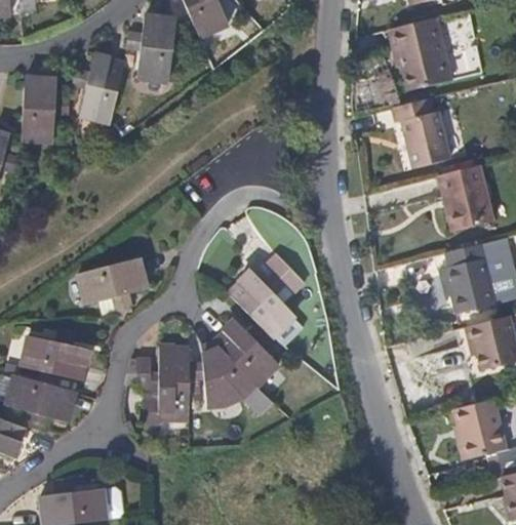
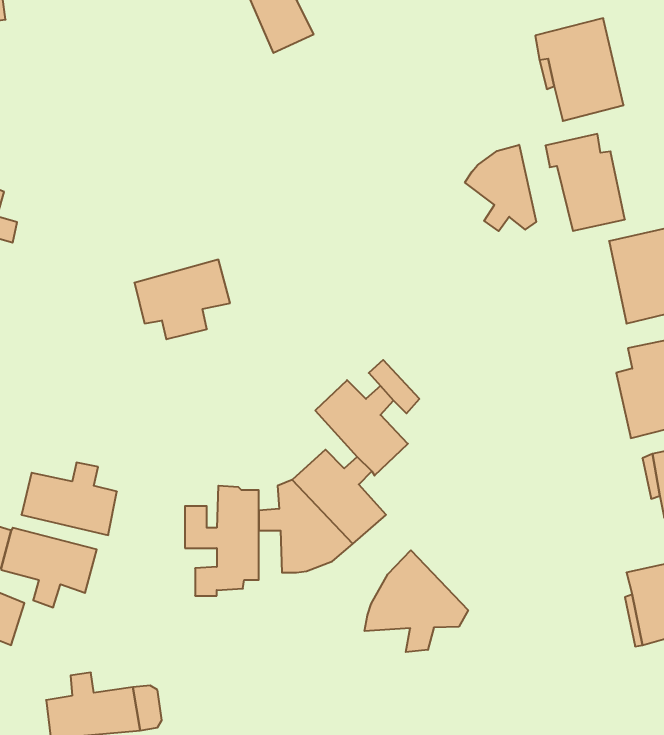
building: [126,16,175,82] -> none
building: [73,56,124,123] -> none
building: [21,80,72,144] -> none
building: none -> [465,145,536,231]
building: [81,257,149,314] -> [134,260,230,339]
building: none -> [365,550,468,652]

